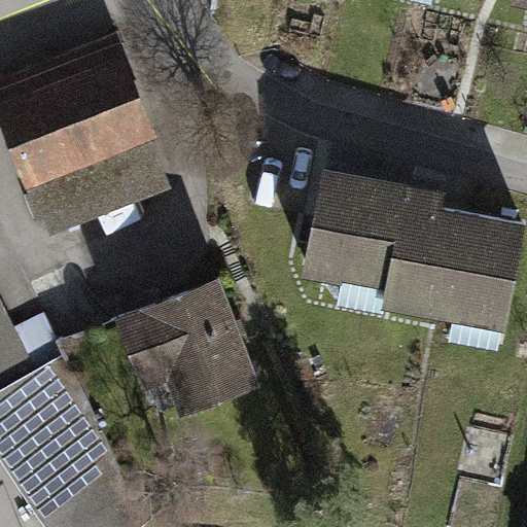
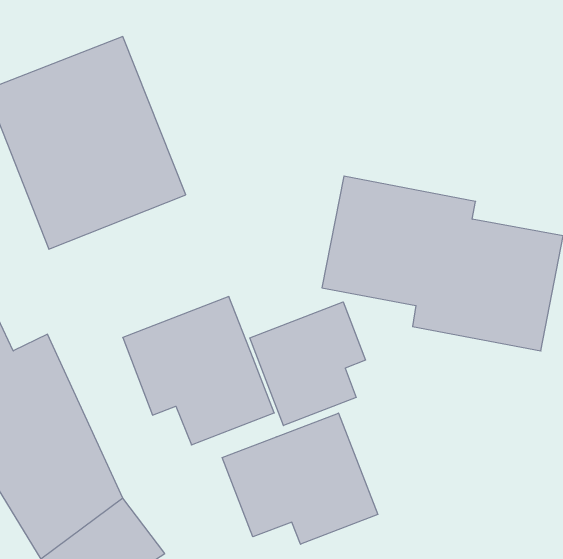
building: none -> [250,302,366,426]
building: none -> [222,413,378,544]

